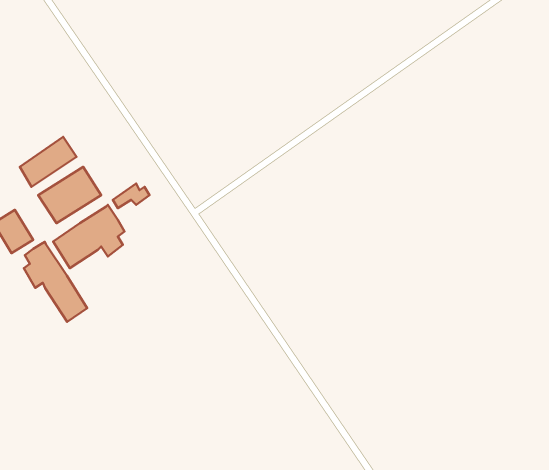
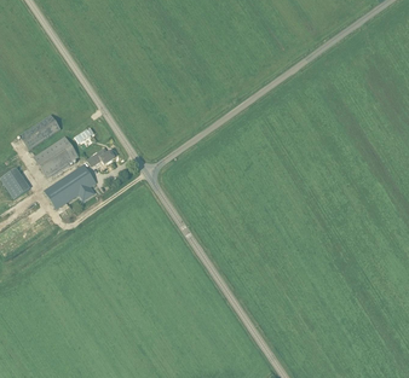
building: [24,242,87,322] -> none

